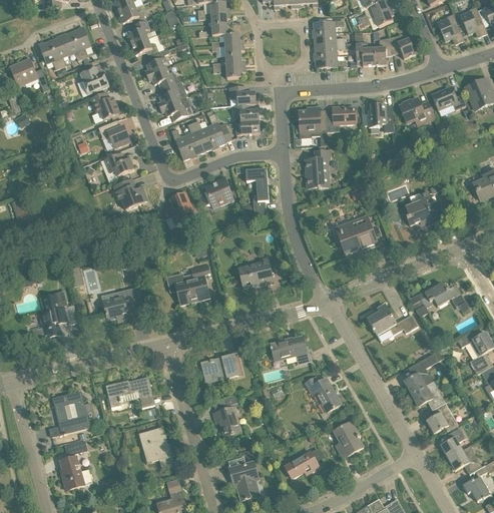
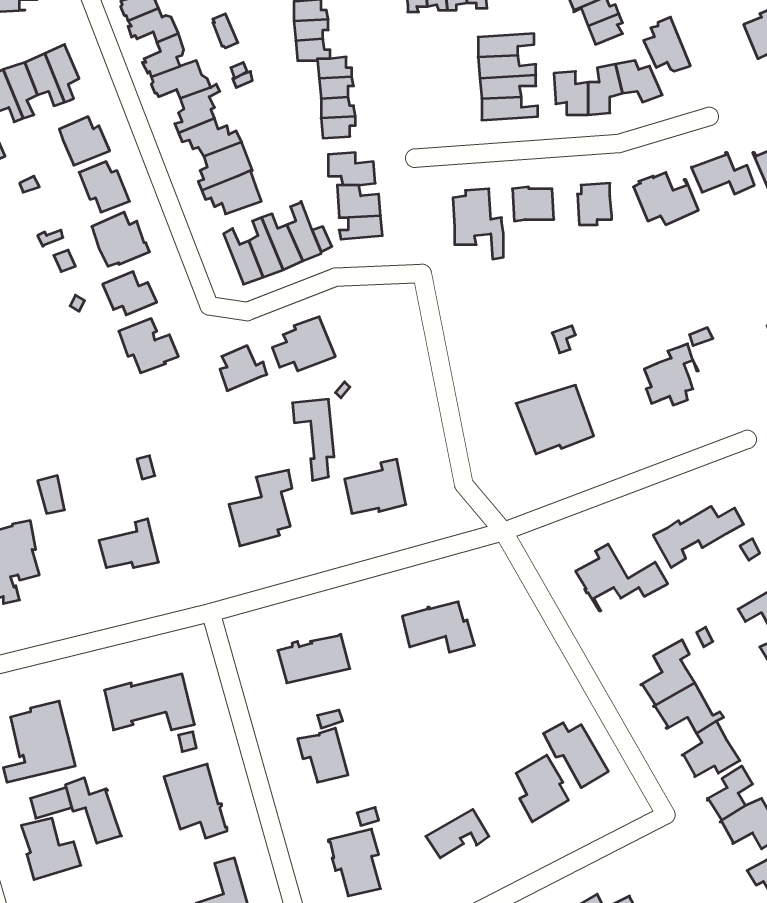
building: [438,13,464,43] -> [644,17,690,71]
building: [306,150,329,188] -> none
building: [245,168,269,213] -> [292,399,334,480]
building: [305,376,341,412] -> [543,723,608,788]
building: none -> [66,778,122,843]

